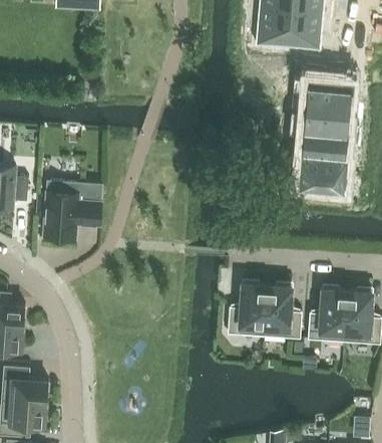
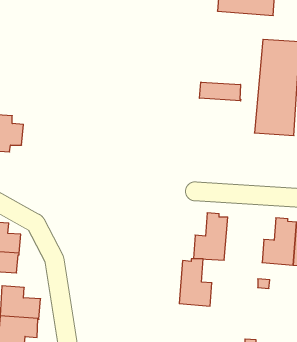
building: none -> [199,82,241,101]
building: [43,181,100,238] -> none
building: [263,283,301,339] -> [179,259,212,306]

